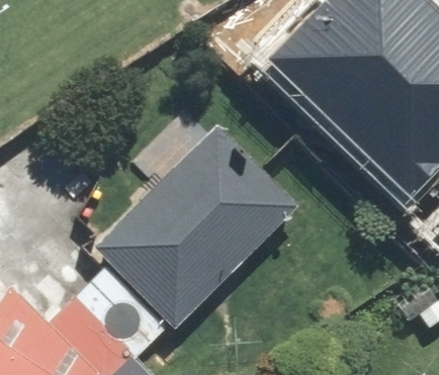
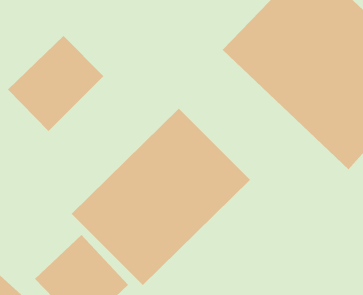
building: none -> [7,35,104,132]

